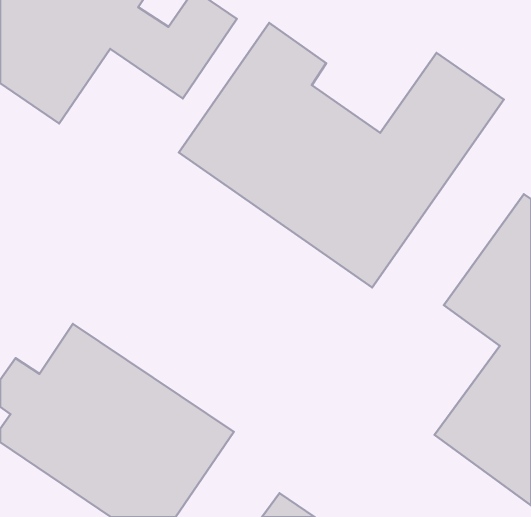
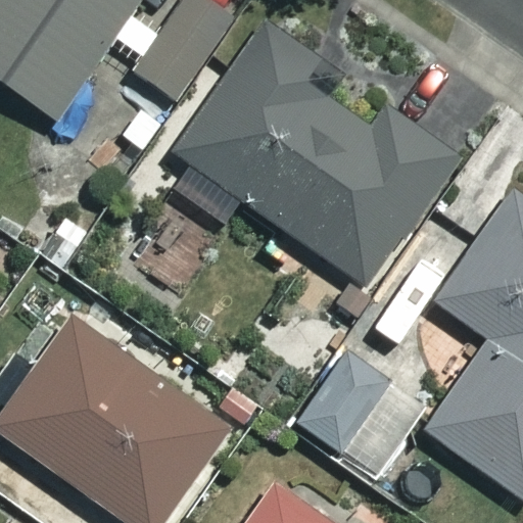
building: none -> [298,350,426,478]

